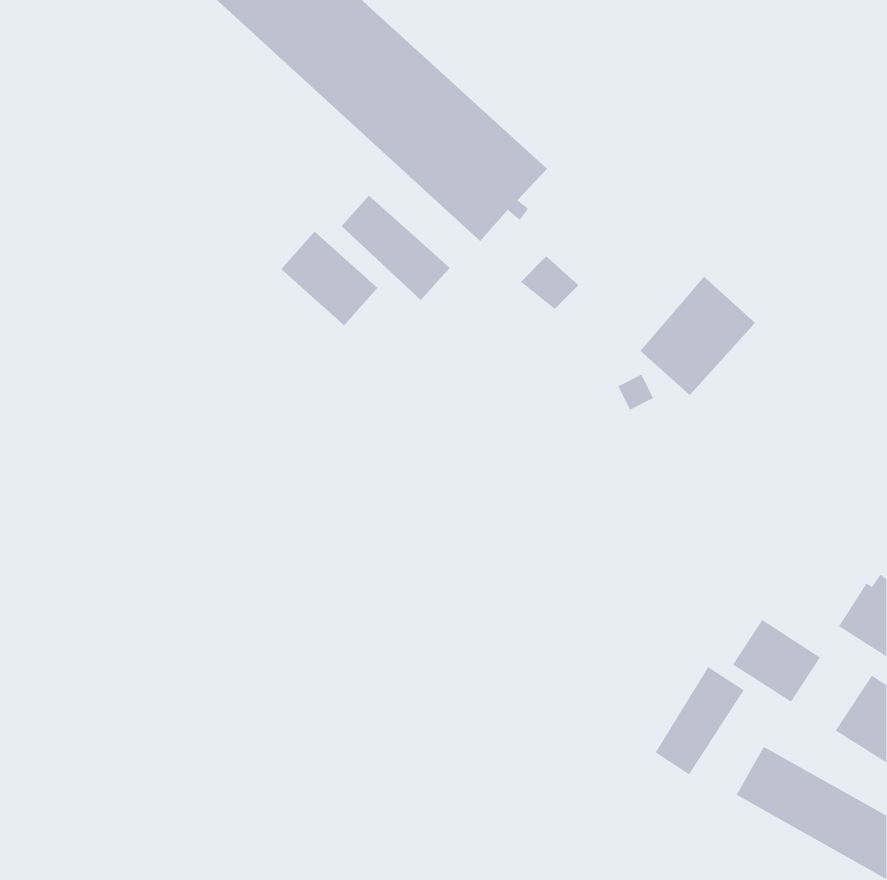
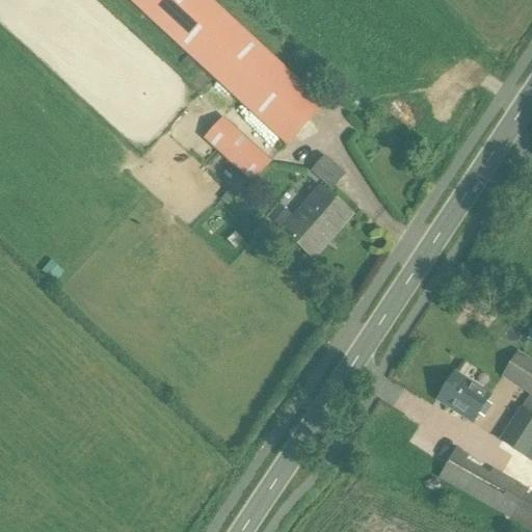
building: [281,231,378,326] -> none
building: [639,276,756,396] -> [283,184,352,256]
building: [655,666,744,775] -> none

